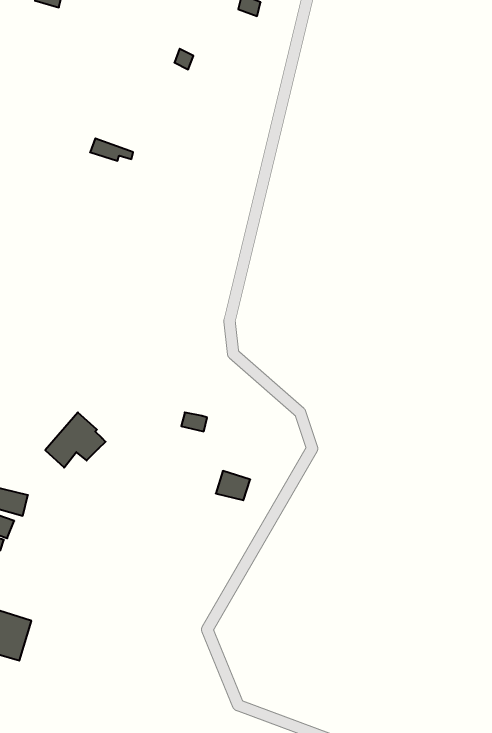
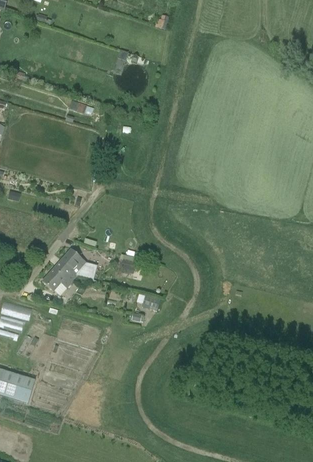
building: none -> [61,247,97,277]

